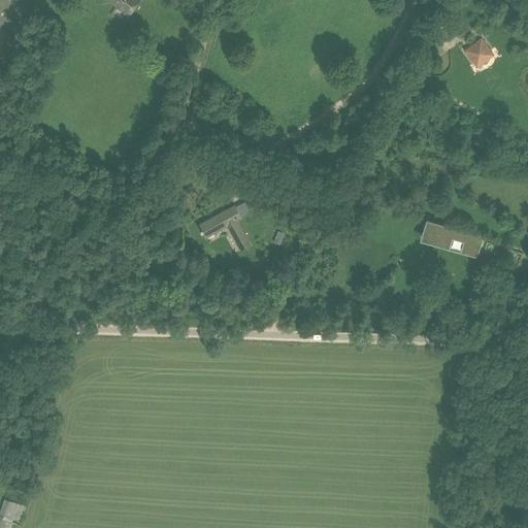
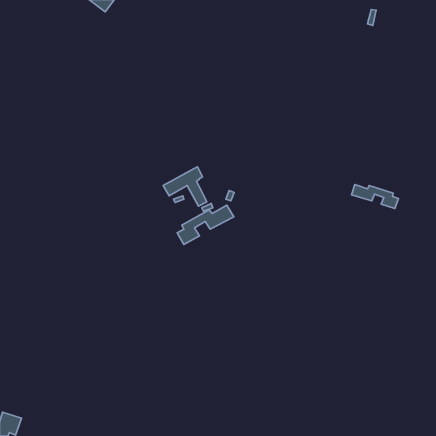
building: [465,38,490,63] -> none
building: none -> [177,205,234,244]

